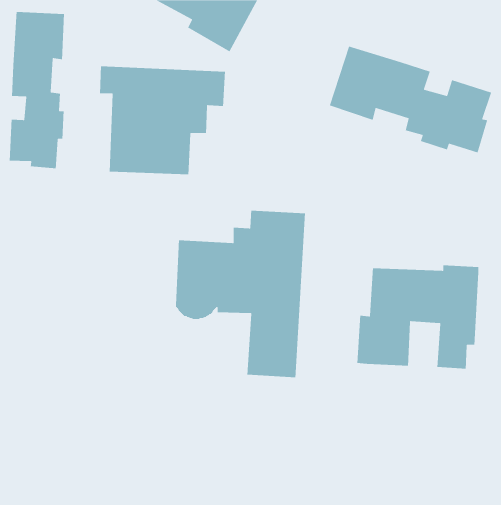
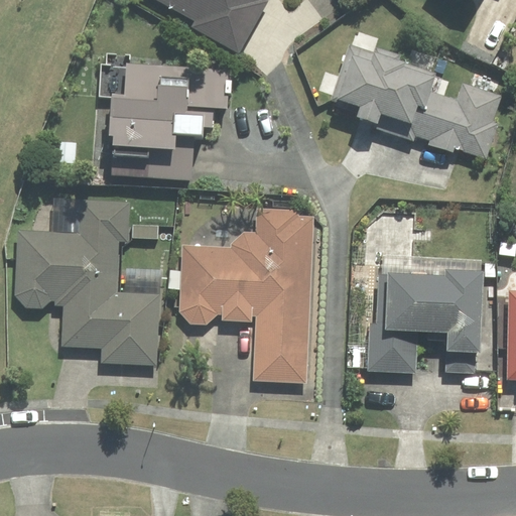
building: [9,11,65,169] -> none
building: none -> [14,199,159,366]

